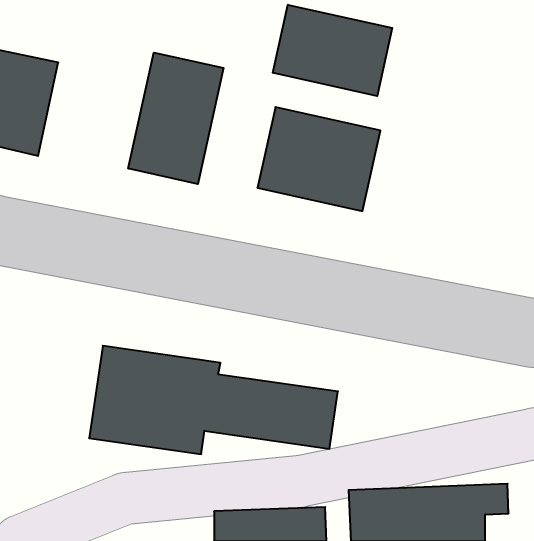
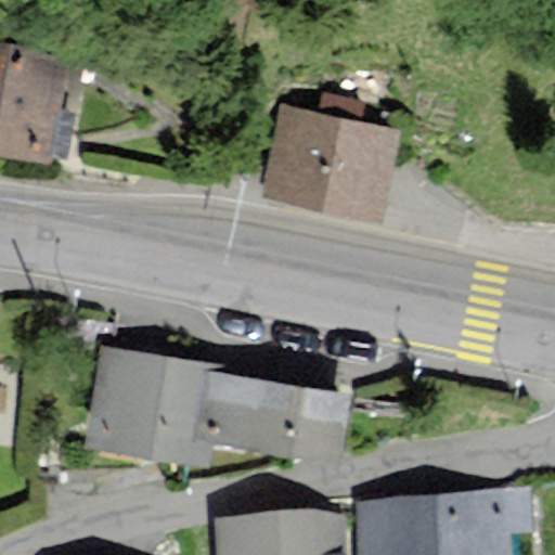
building: [273,5,392,96] -> none
building: [128,53,224,184] -> none

